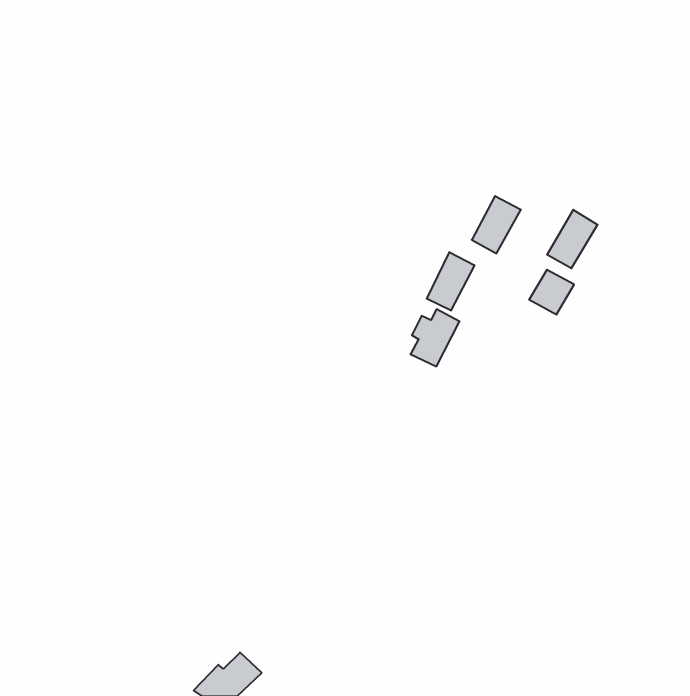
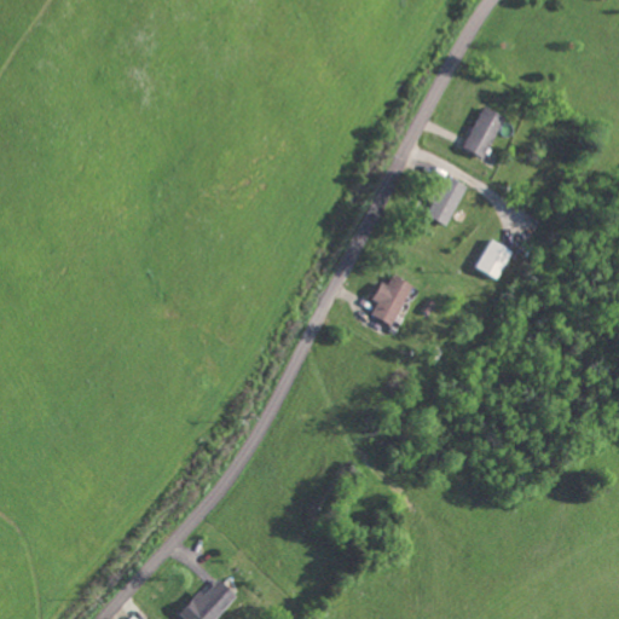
building: [547,210,598,268] -> [462,105,507,157]
building: [427,252,474,311] -> none

